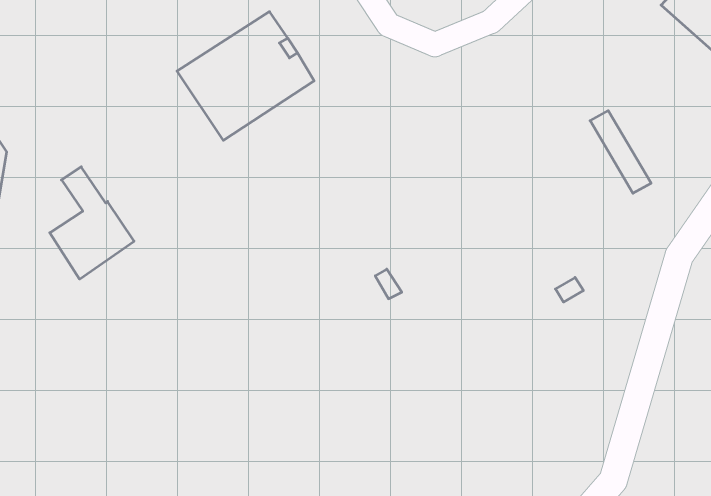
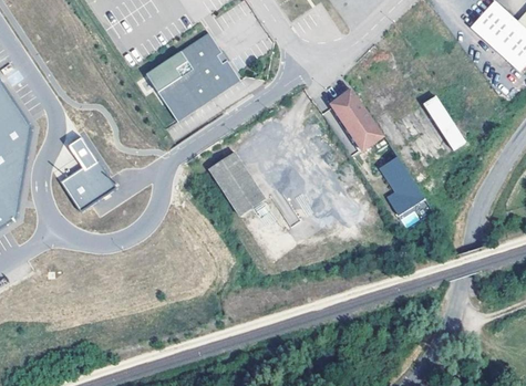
building: none -> [328,91,380,153]
building: none -> [209,147,264,209]
building: none -> [379,156,421,216]

